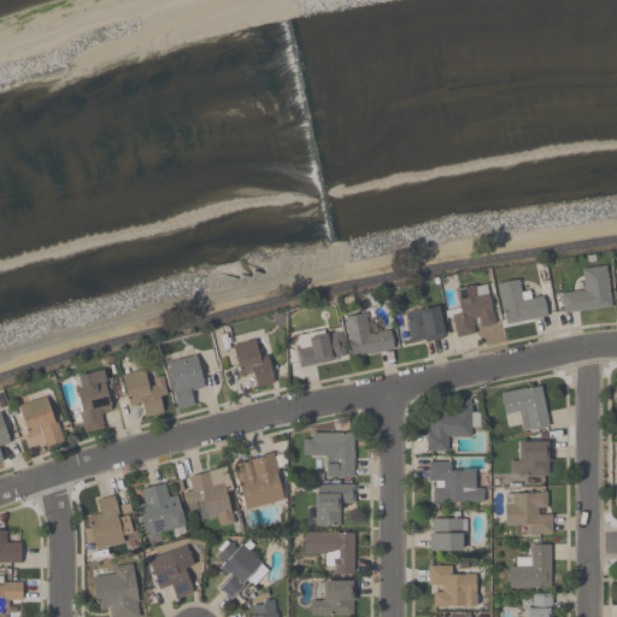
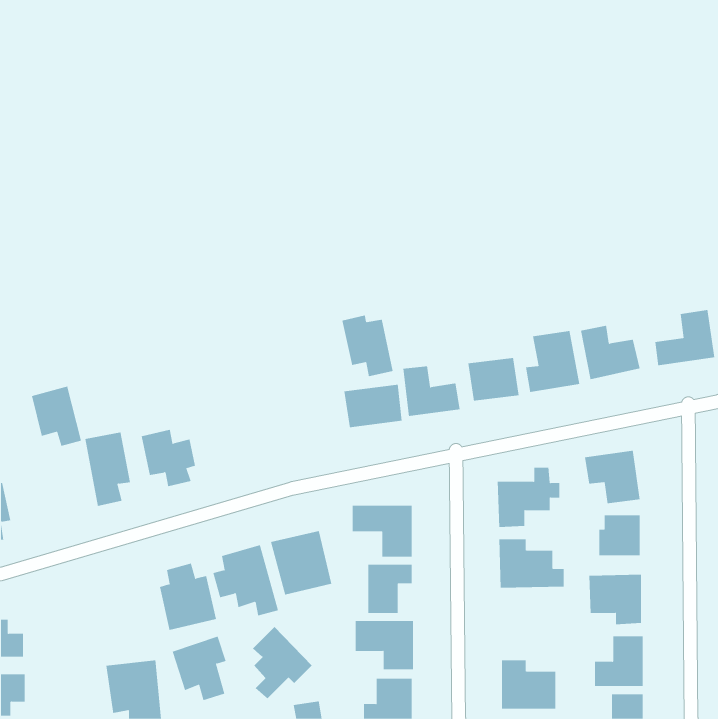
building: [233,334,277,387] -> [342,315,394,377]
building: [163,349,206,410] -> none
building: [19,395,63,447] -> [31,386,82,446]
building: [86,495,136,548] -> none
building: [431,517,465,551] -> none

